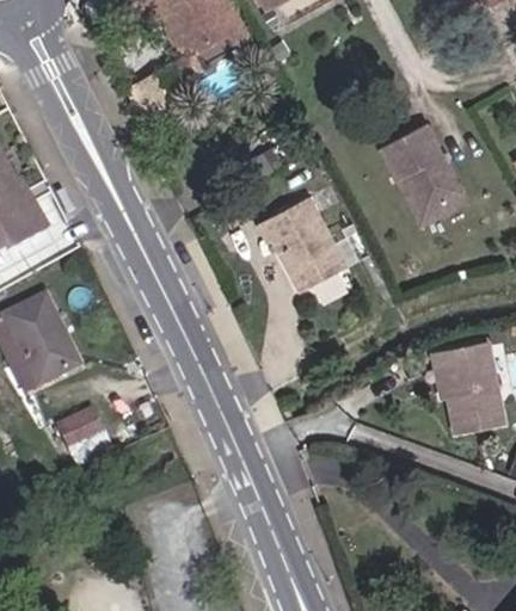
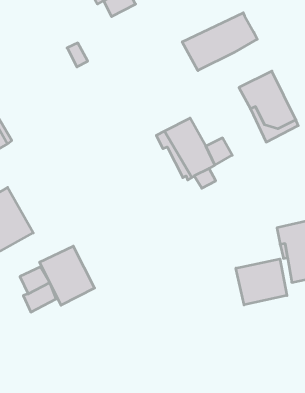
building: none -> [182,13,257,71]
building: none -> [40,246,95,305]
building: none -> [236,259,287,305]

